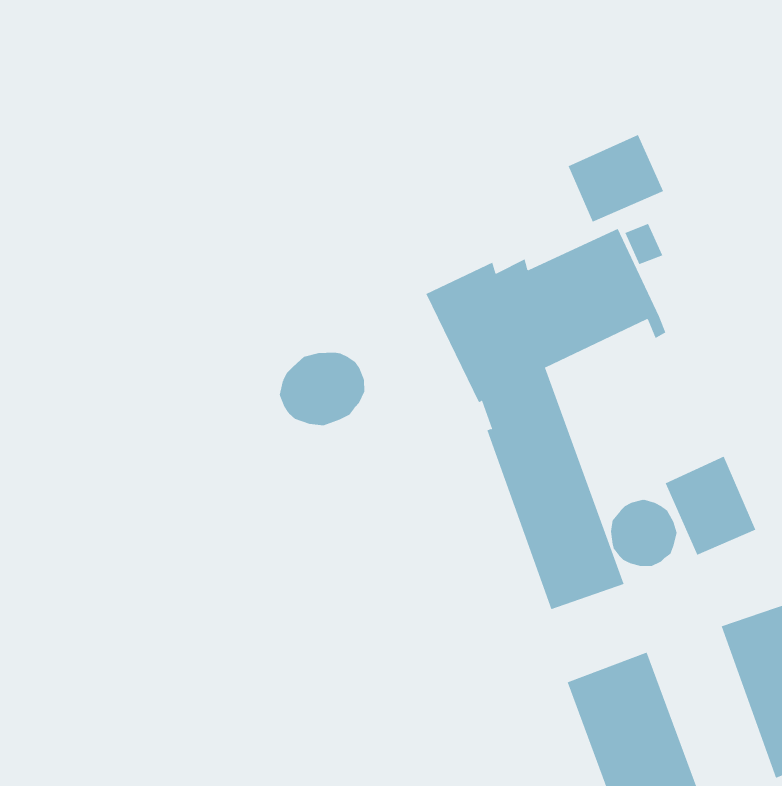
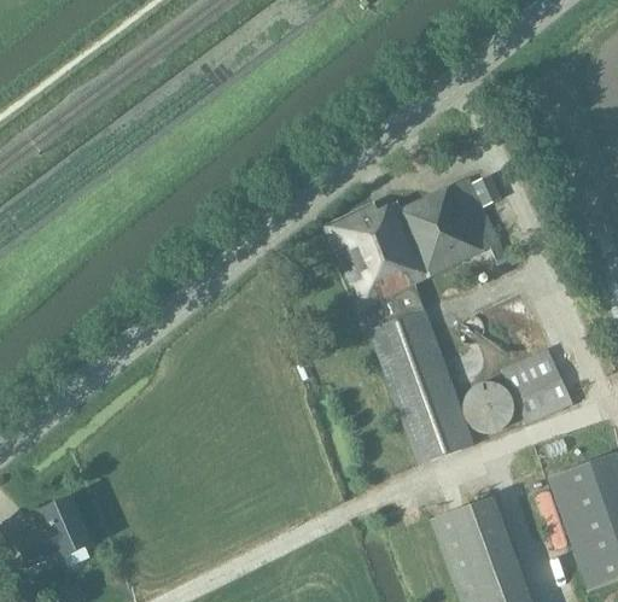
building: [568,134,664,222] -> none
building: [279,352,365,426] -> none
building: none -> [16,496,92,566]

